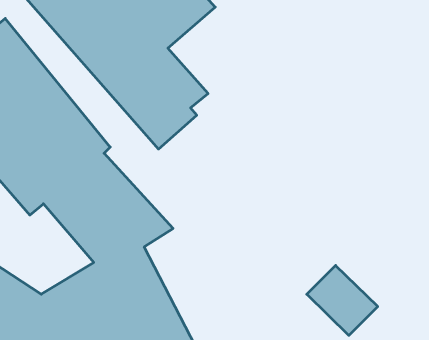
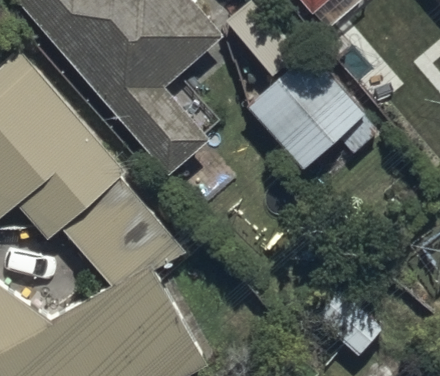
building: none -> [245,53,381,169]

